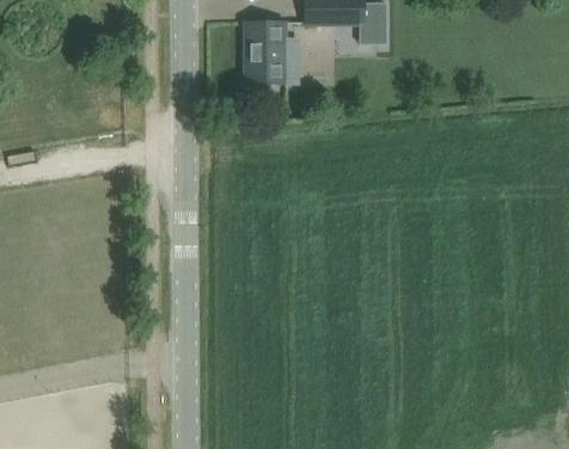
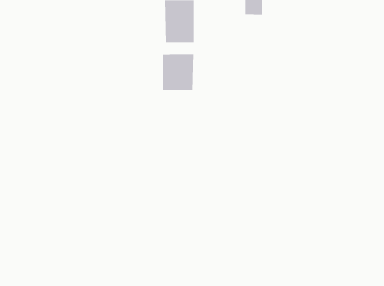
building: none -> [162,54,194,91]

